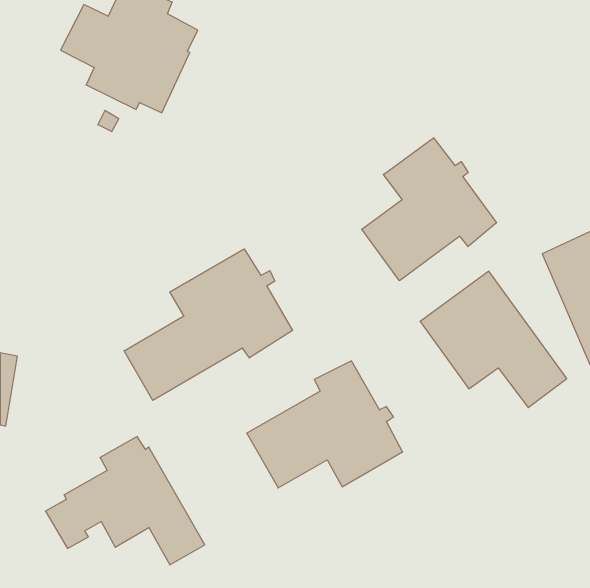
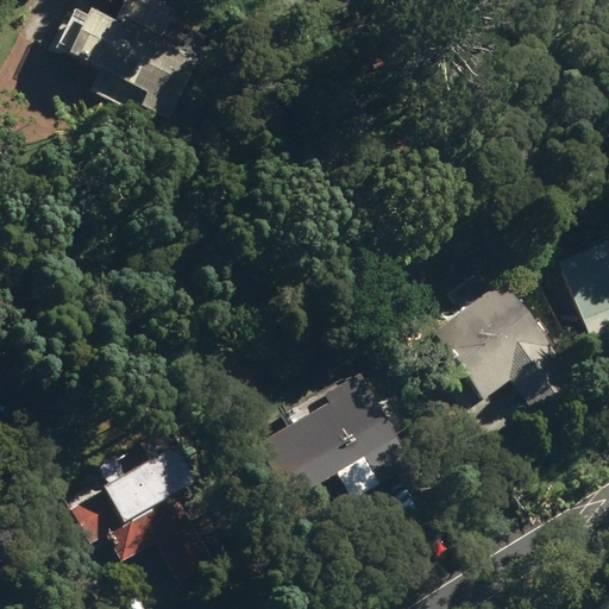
building: [362,138,496,281] -> none
building: [124,249,293,400] -> none

